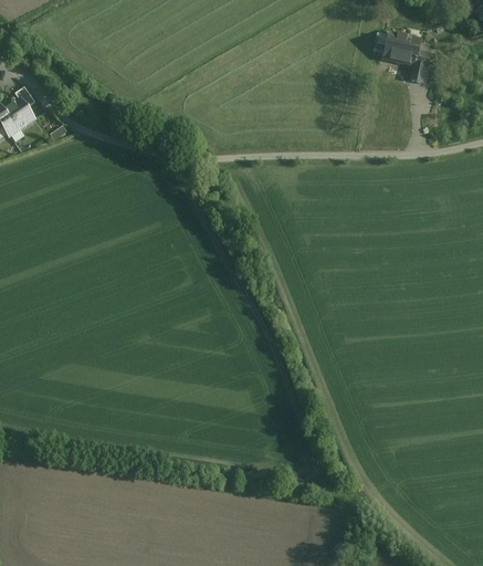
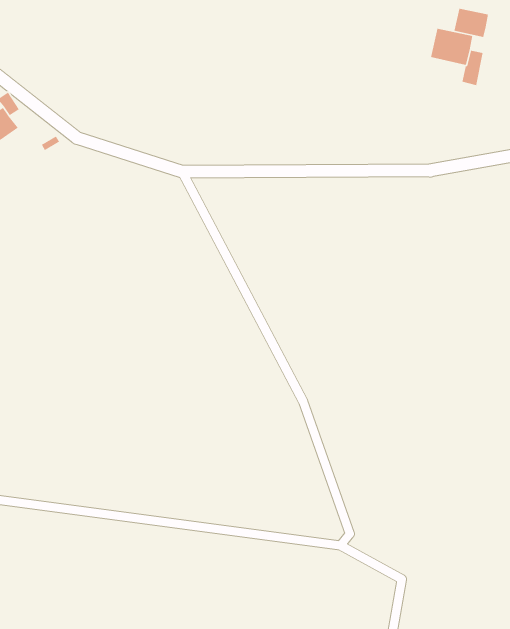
building: none -> [454,8,489,38]

